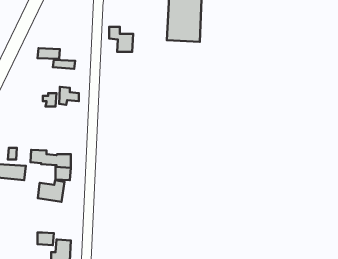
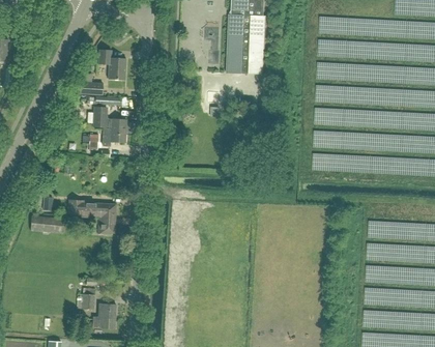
building: [109,27,133,52] -> [98,50,126,79]
building: none -> [92,107,125,134]
building: [38,180,65,202] -> none

